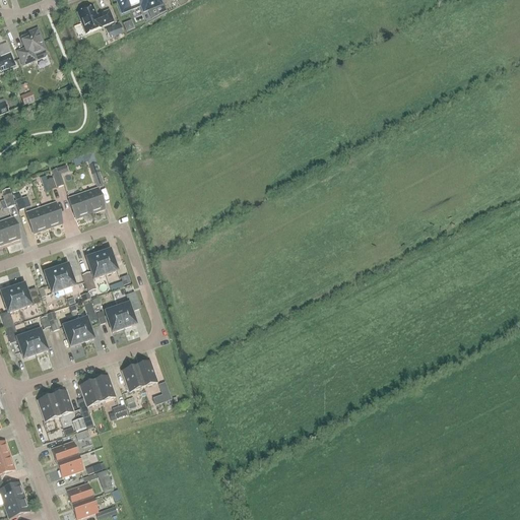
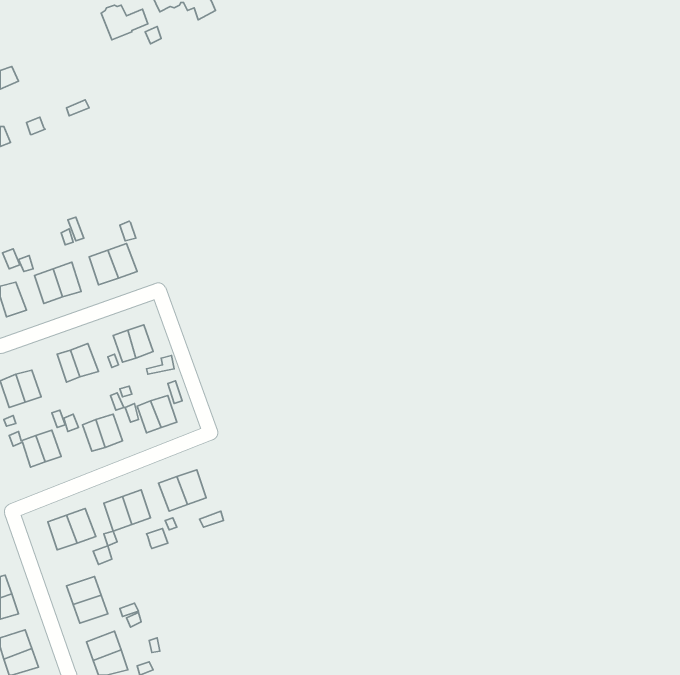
building: [16,25,46,63] -> none

